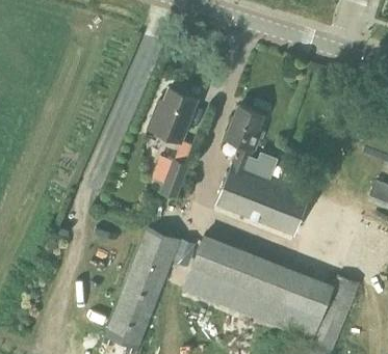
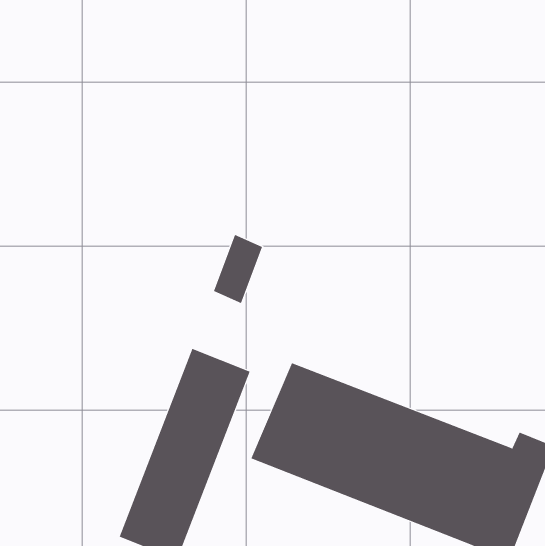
building: [146,86,200,143] -> none
building: [215,105,311,237] -> none

